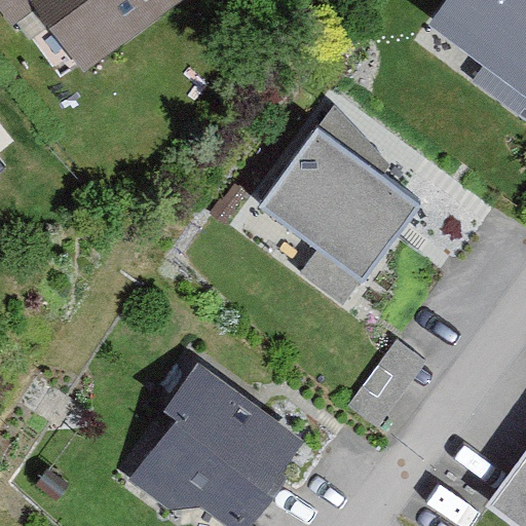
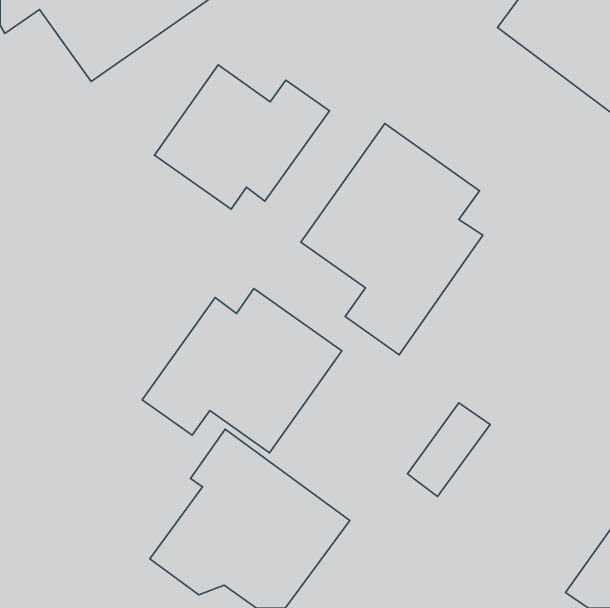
building: none -> [154,65,329,209]
building: none -> [142,289,342,453]

